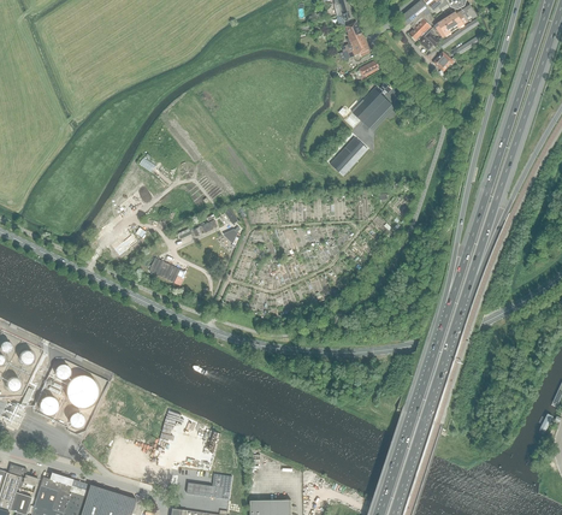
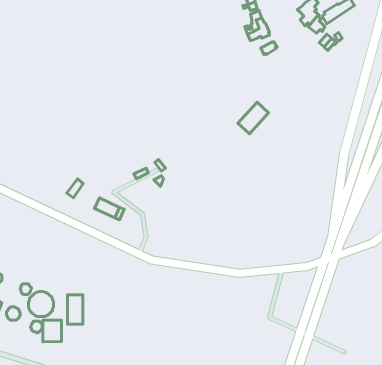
building: [345,82,391,128] -> none
building: none -> [68,295,83,324]
building: none -> [43,320,61,342]

